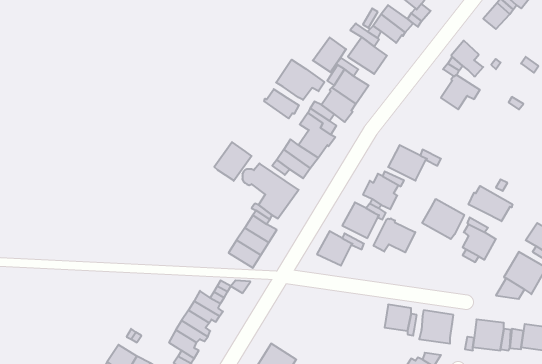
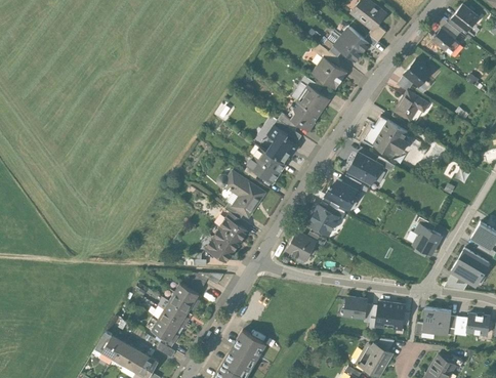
building: [313,37,346,72] -> none
building: [276,60,324,100] -> none
building: [264,89,299,118] -> none
building: none -> [363,116,408,157]
building: [214,142,252,181] -> none
building: [469,186,512,221] -> none
building: [422,199,464,239] -> none
building: [374,218,415,252] -> none

